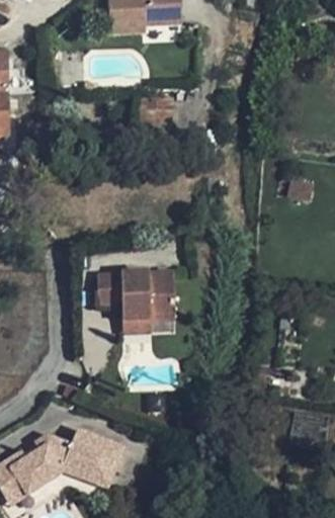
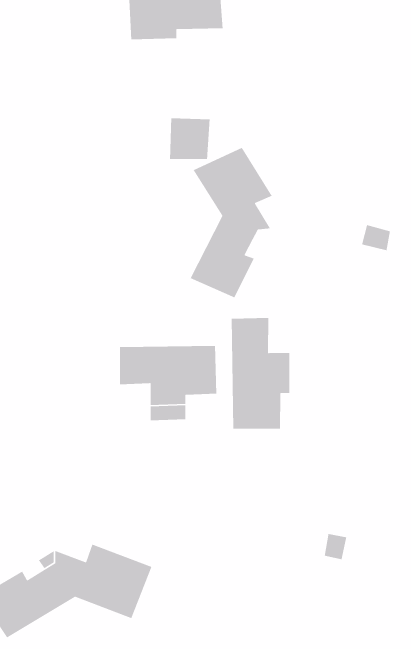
building: none -> [189,147,273,298]
building: none -> [231,317,290,429]

